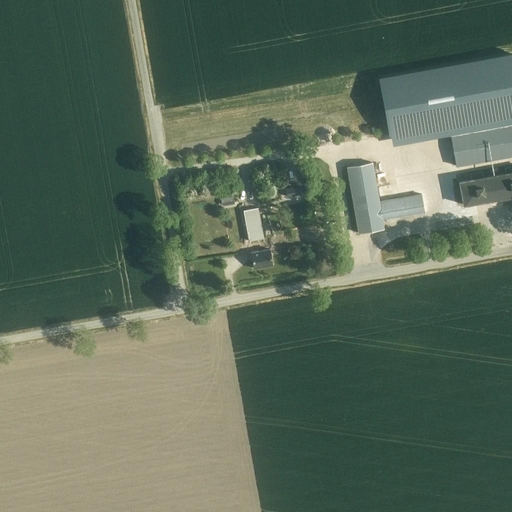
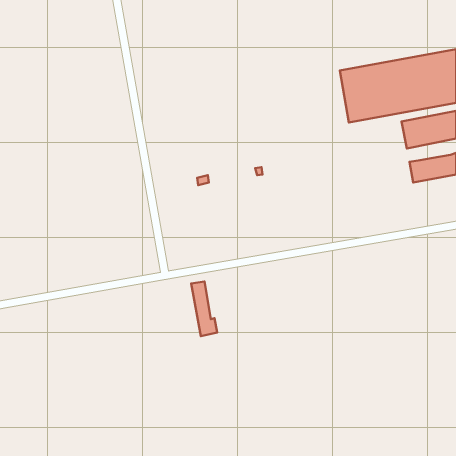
building: [347,163,424,234] -> none
building: [243,209,272,270] -> [191,282,217,336]

